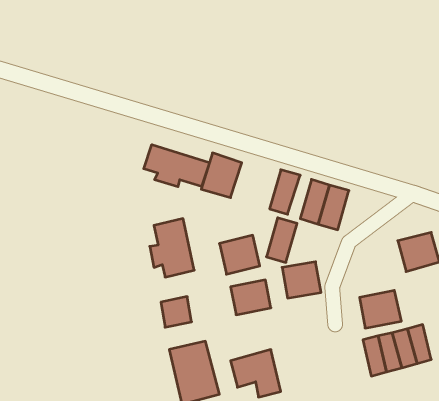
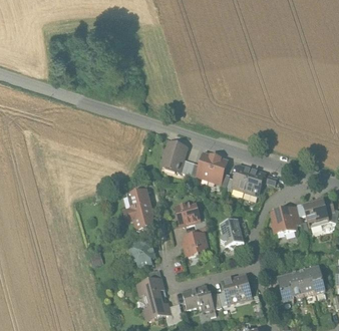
building: [144,145,210,187] -> none
building: [266,218,297,262] -> [195,148,217,181]
building: [360,290,401,328] -> [269,206,299,233]
building: none -> [222,271,253,303]

